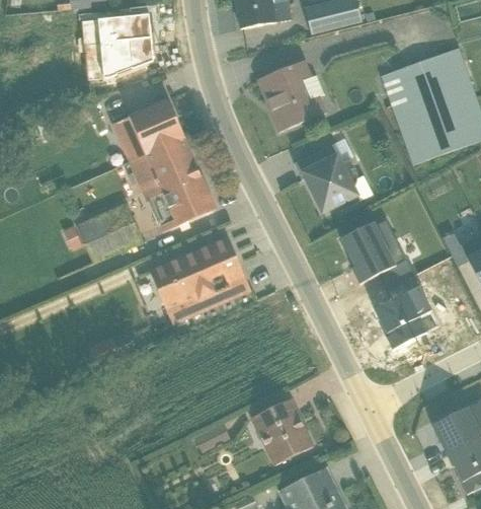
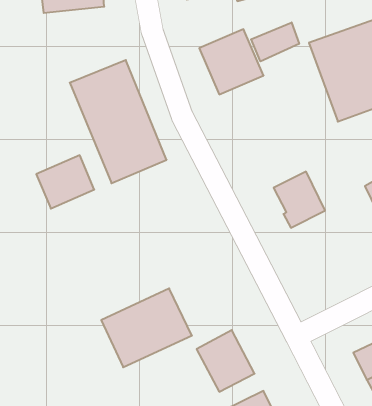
building: [82,35,152,79] -> none
building: none -> [251,22,299,61]
building: [305,151,366,215] -> none
building: [152,235,253,323] -> [101,288,192,367]
building: [373,274,430,349] -> none

